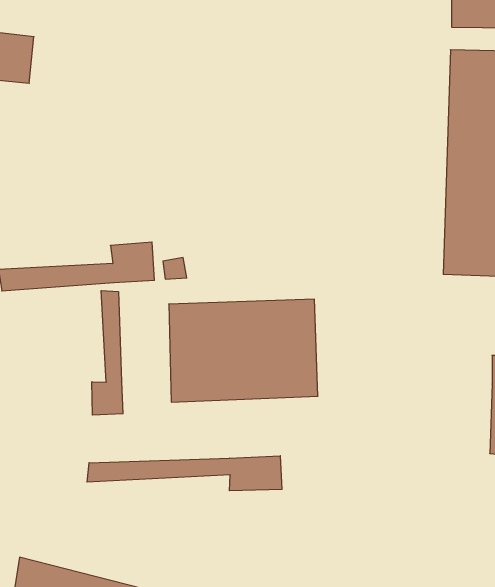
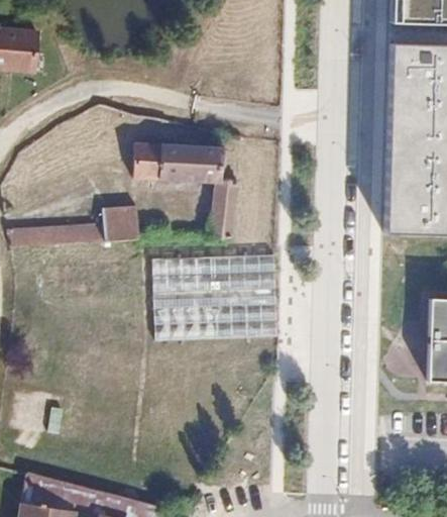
building: none -> [132,142,238,239]
building: [92,291,123,415] -> none
building: [87,456,282,491] -> none

